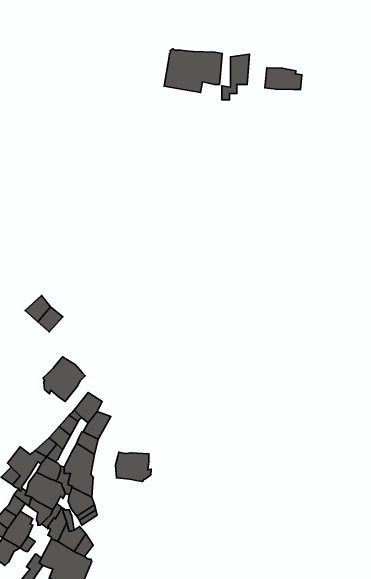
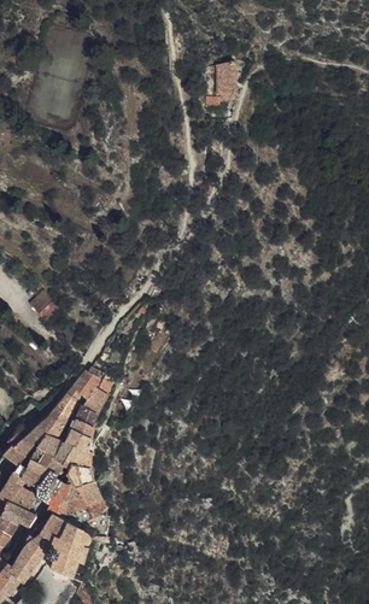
building: [164,49,222,93] -> none
building: [265,68,302,89] -> none
building: [43,357,85,402] -> none
building: [115,452,151,482] -> none

